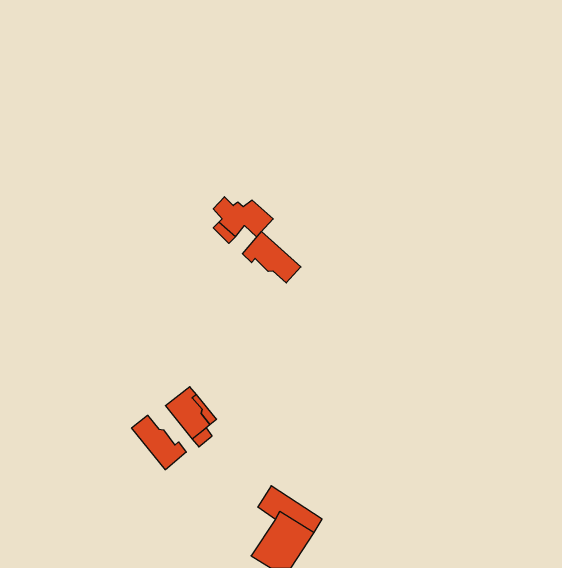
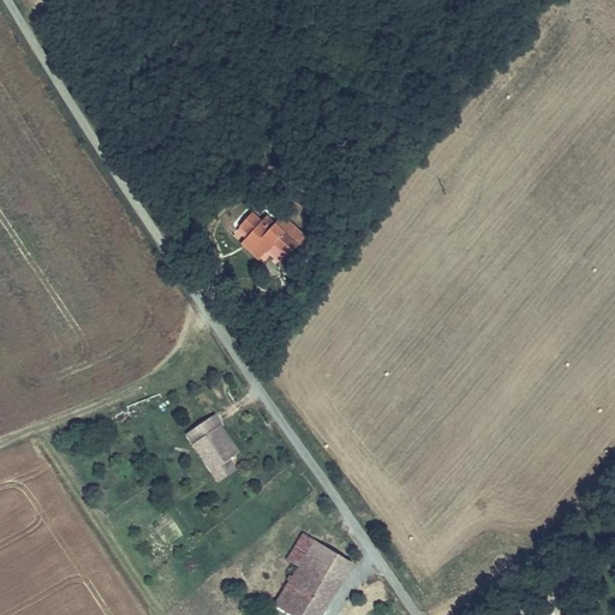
building: [242,232,301,283] -> none
building: [132,415,186,470] -> none

